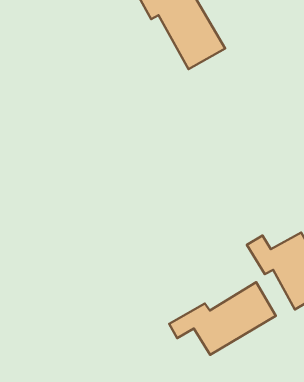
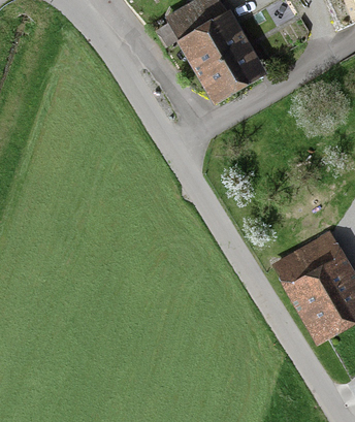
building: [169,282,276,355] -> none

